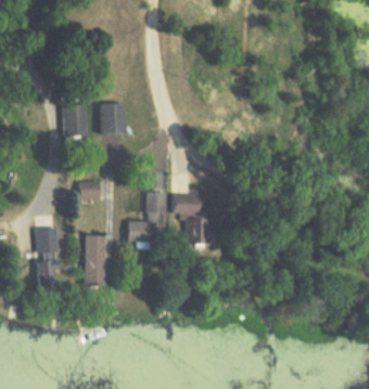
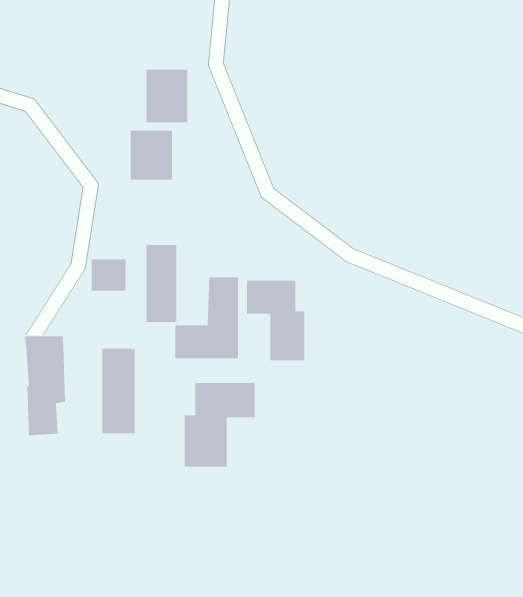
building: [65,103,91,135] -> [145,69,188,123]
building: none -> [146,244,177,323]
building: none -> [184,382,255,467]

